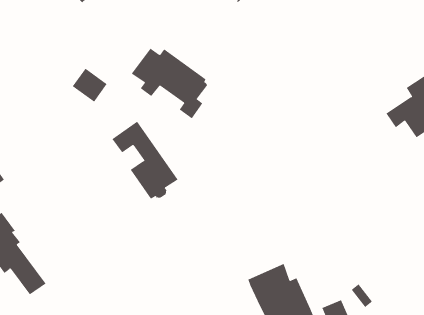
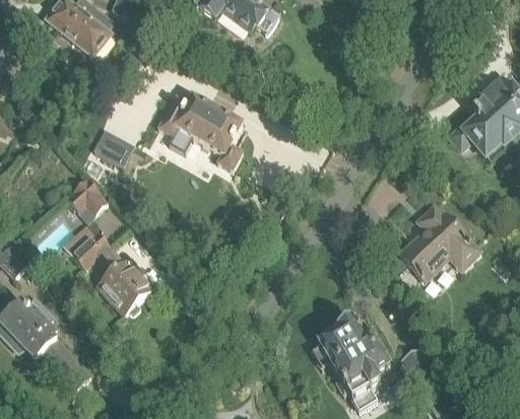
building: none -> [66,178,107,212]
building: [112,121,178,200] -> [71,230,151,317]
building: none -> [397,204,482,283]

